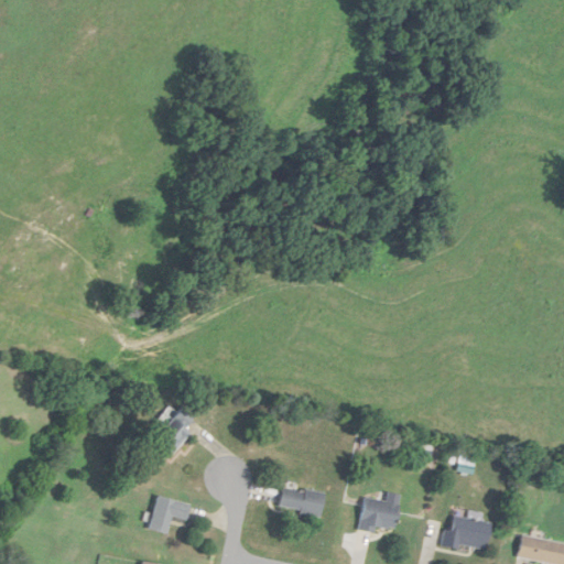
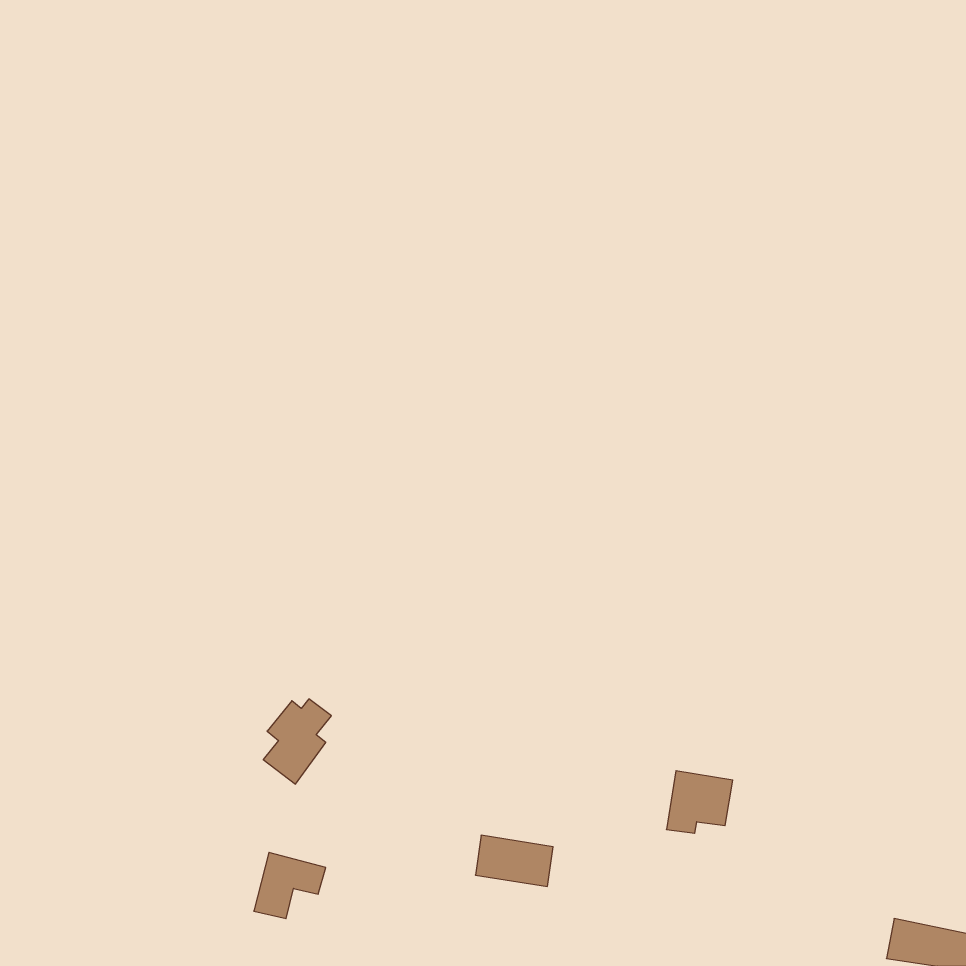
building: [358,497,397,533] -> [666,771,733,833]
building: [448,516,488,551] -> none

